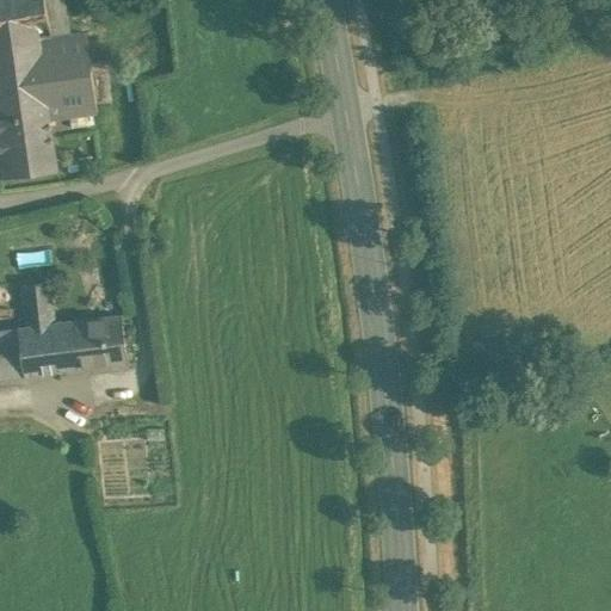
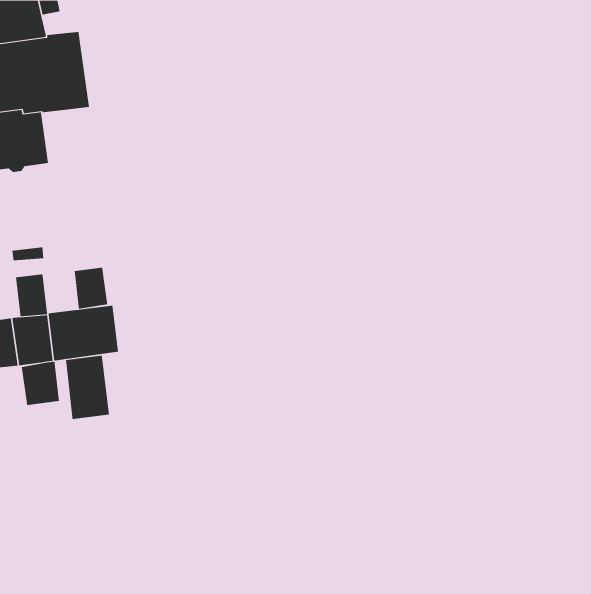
building: none -> [74,267,108,309]
building: none -> [65,355,110,420]
building: none -> [21,361,60,406]

